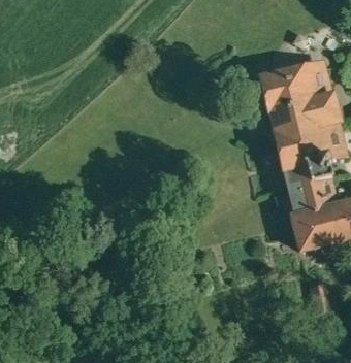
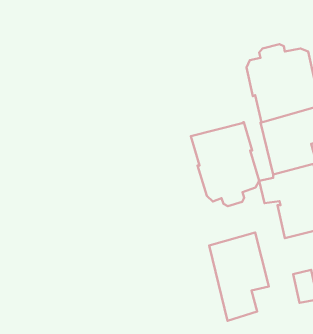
building: none -> [191,122,259,206]
building: none -> [209,233,269,321]

